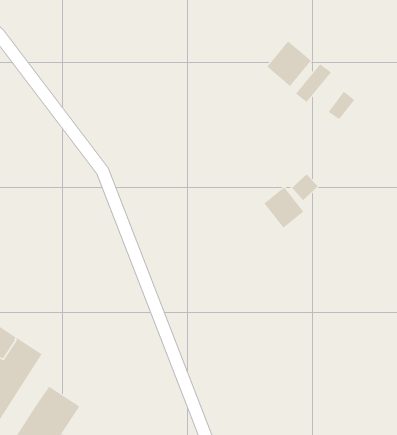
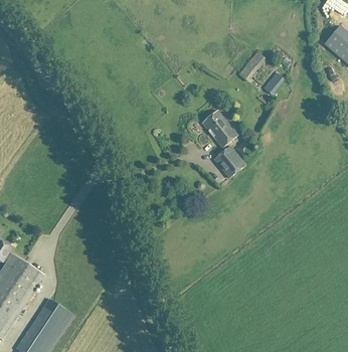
building: [266,40,312,87] -> none
building: none -> [202,110,239,147]

